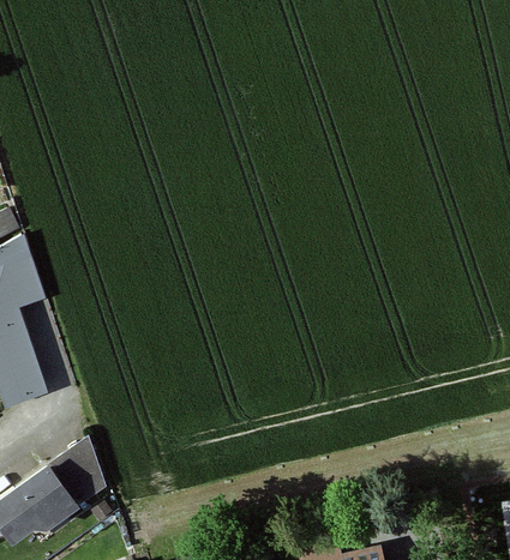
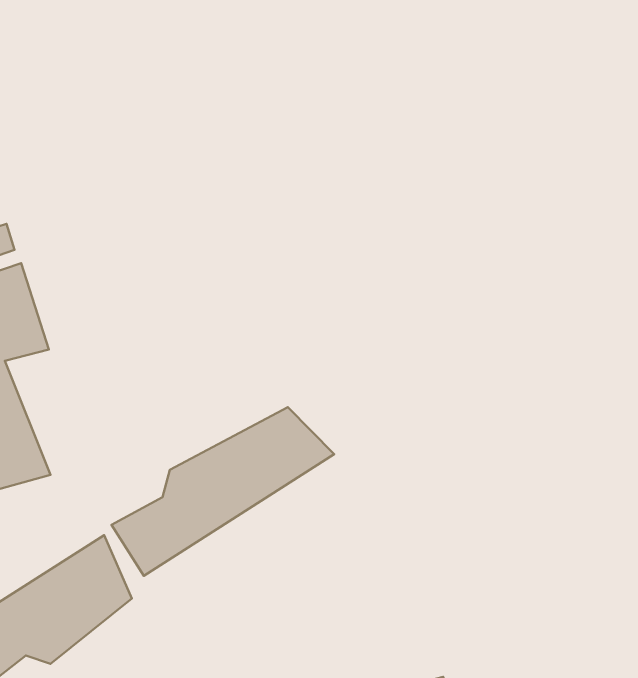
building: none -> [111,407,334,576]

